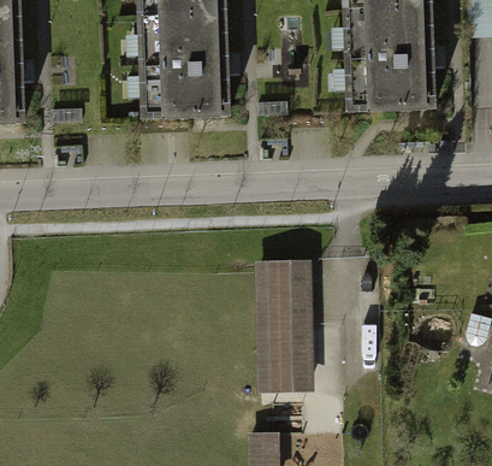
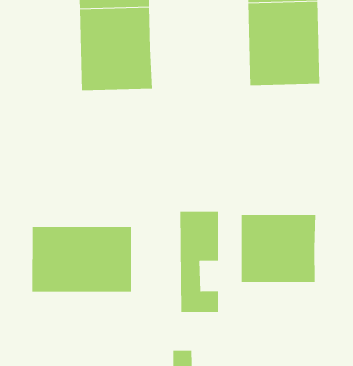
building: none -> [241,214,316,283]
building: none -> [32,226,132,292]

